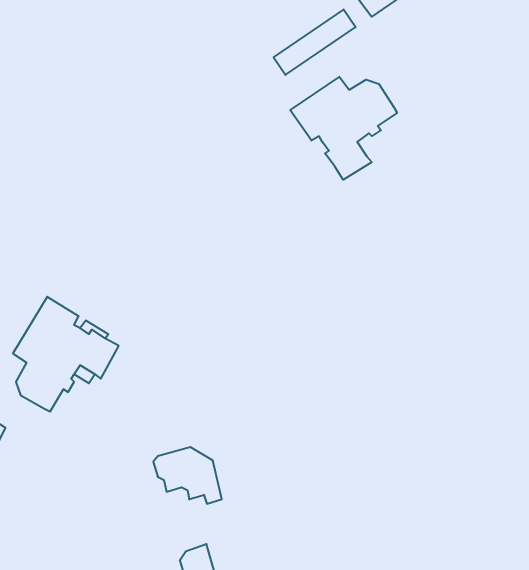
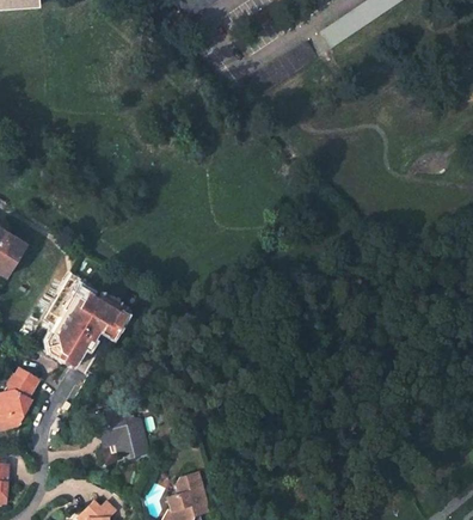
building: [290,77,397,180] -> none
building: [153,447,222,504] -> [93,411,148,457]

